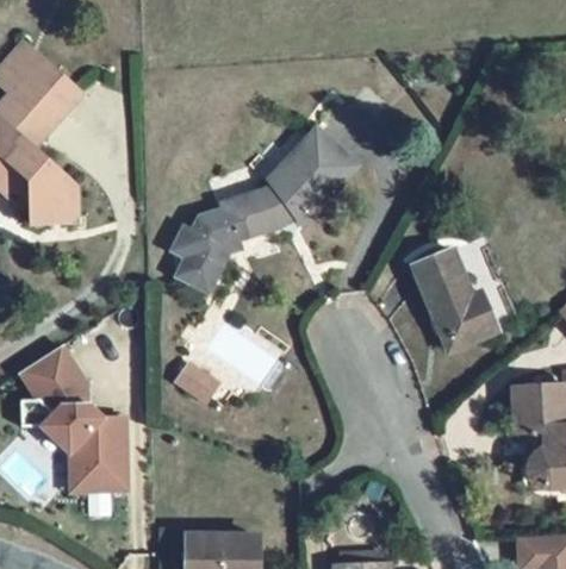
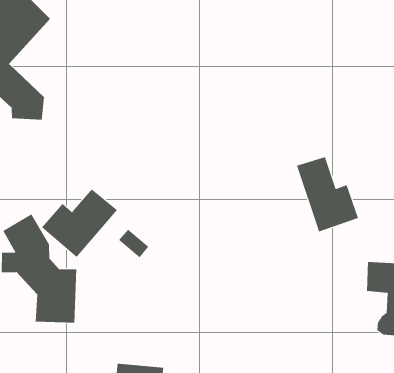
building: [169,130,352,295] -> none
building: none -> [41,188,118,258]

